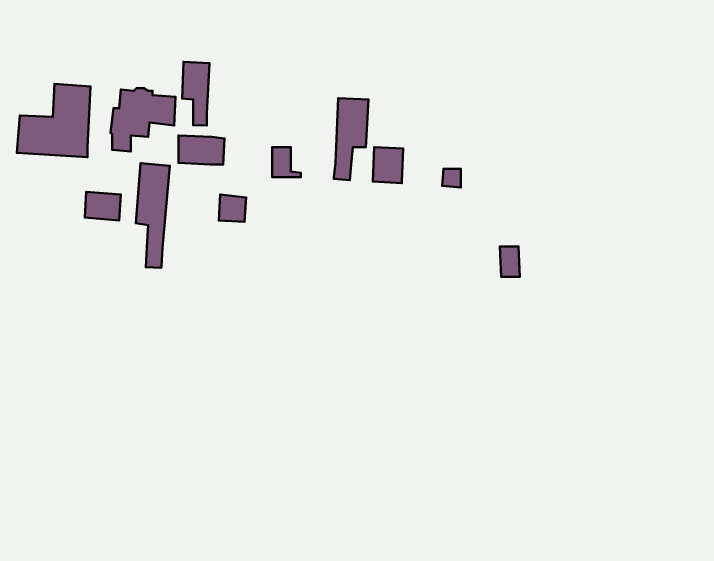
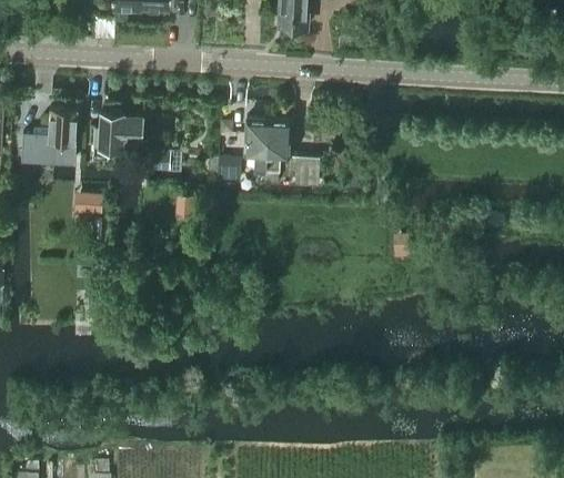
building: [182,62,210,125] -> none
building: none -> [243,119,268,170]
building: [136,163,170,268] -> none

